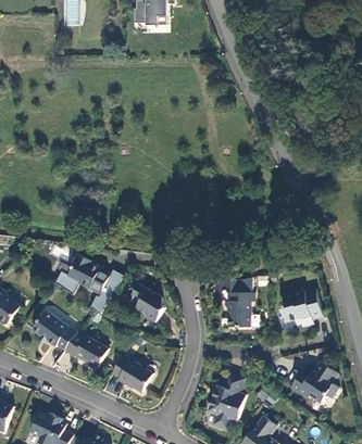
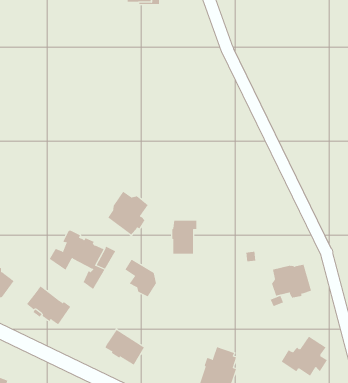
building: none -> [107,191,148,236]
building: [227,292,253,327] -> [171,220,197,254]
building: [64,332,109,368] -> none

